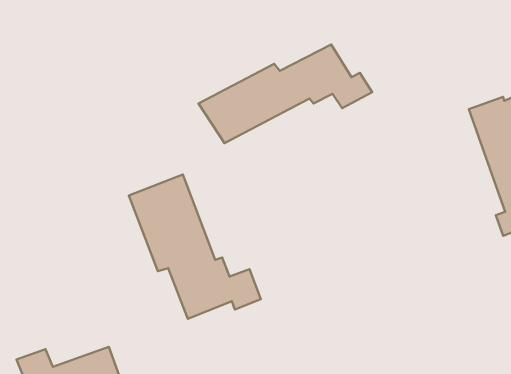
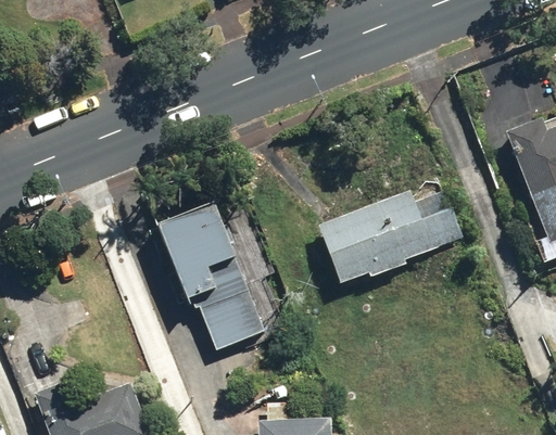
building: [198,45,372,143] -> none
building: none -> [318,190,464,281]

